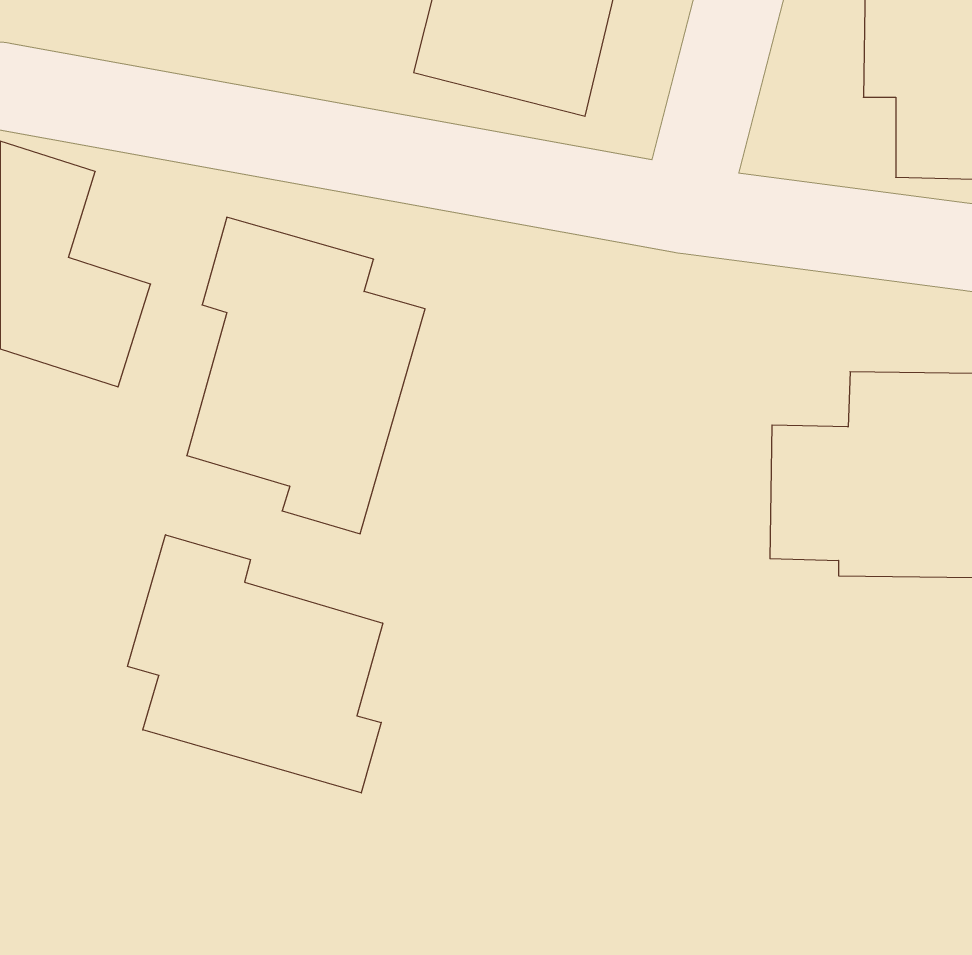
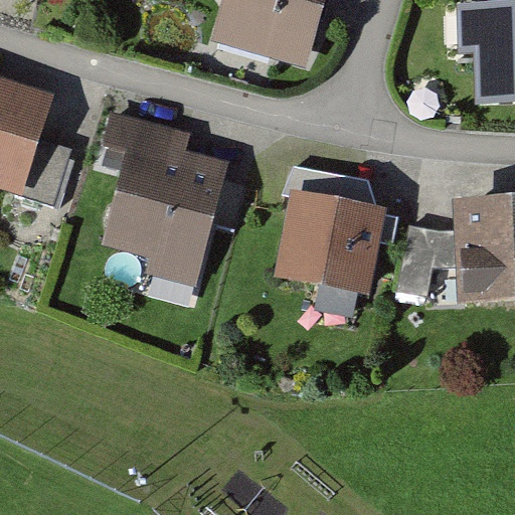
building: none -> [273,193,386,295]
building: [127,535,383,793] -> none

